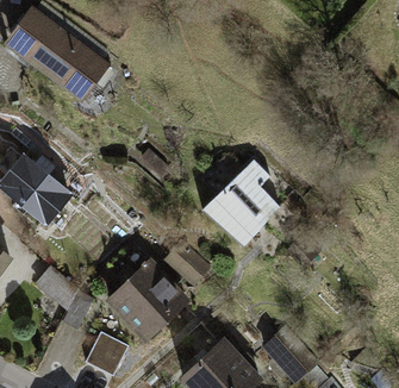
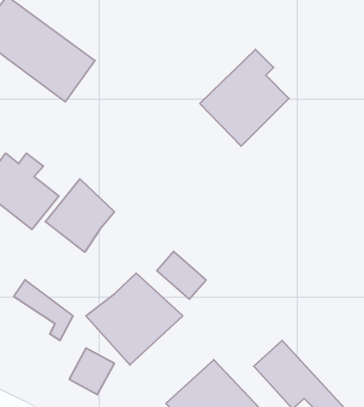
building: [201,164,283,254] -> [200,49,289,146]
building: none -> [45,179,114,252]

